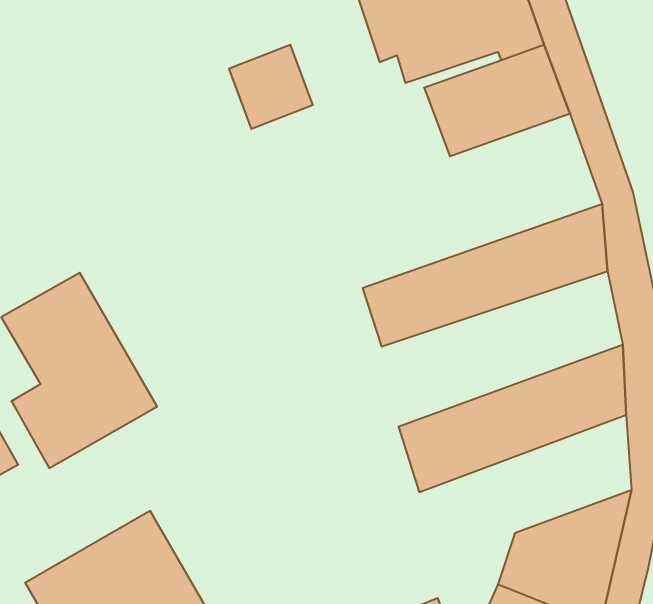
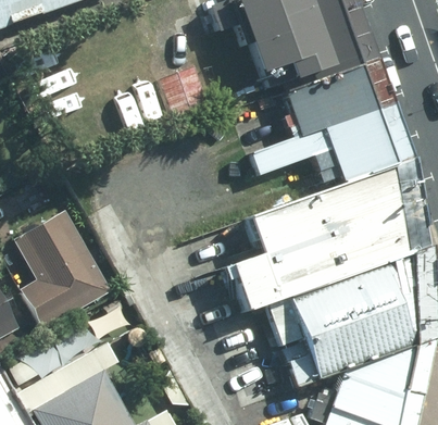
building: none -> [249,108,395,184]
building: none -> [225,208,408,315]
building: none -> [278,299,413,390]

